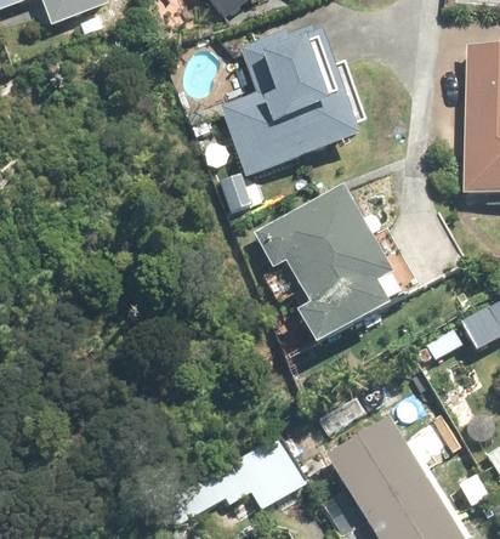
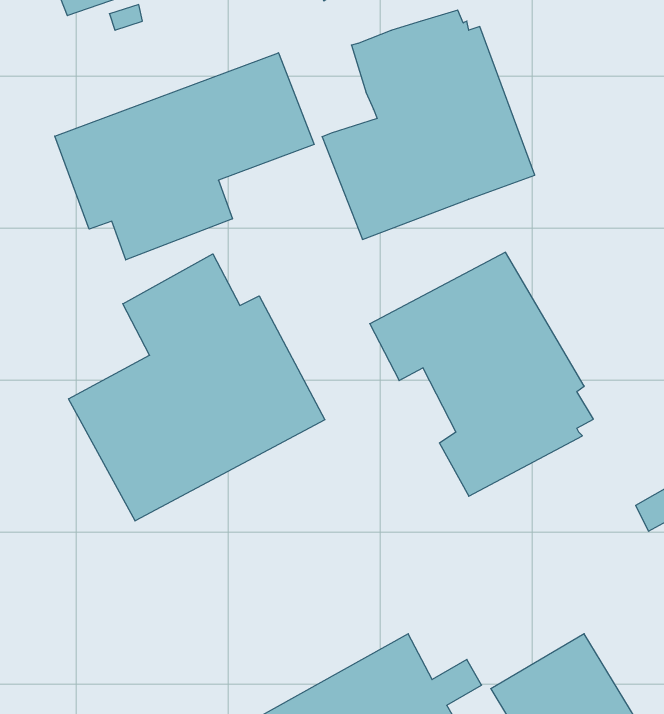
building: none -> [55,53,314,260]
building: none -> [69,254,325,521]

